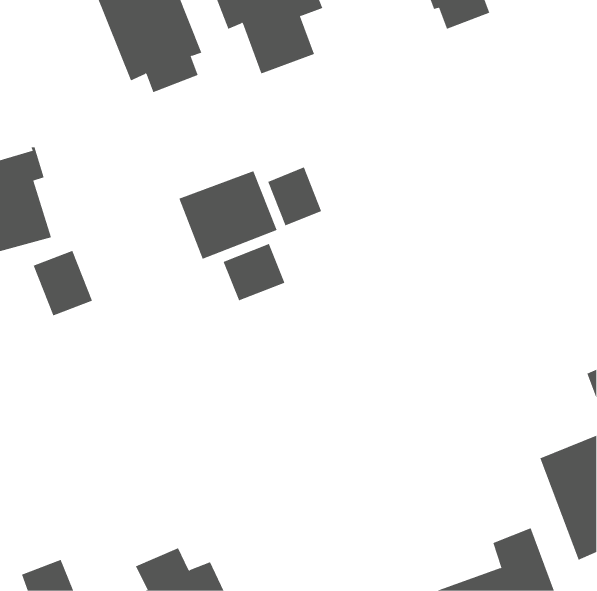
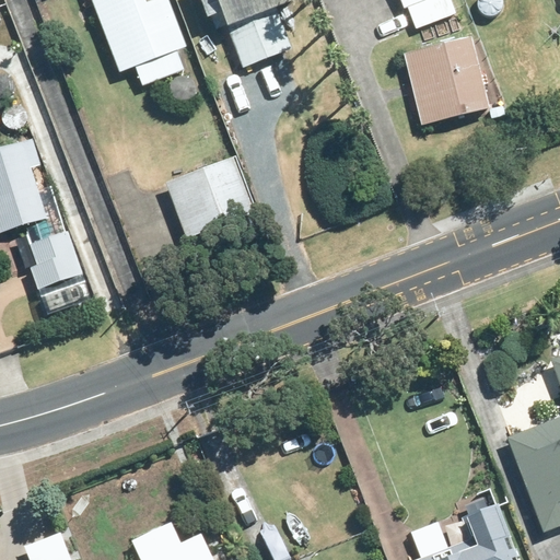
building: none -> [405,38,491,127]
building: [268,167,322,226] -> none
building: [223,243,285,301] -> none

